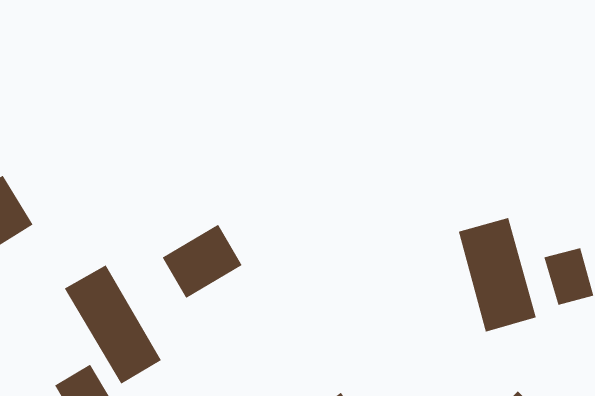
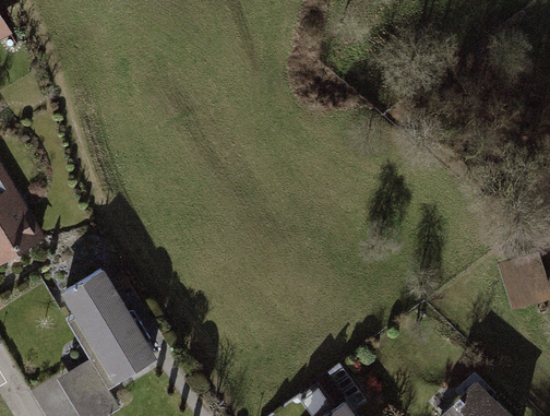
building: [458,217,537,333] -> none
building: [162,224,243,299] -> none

